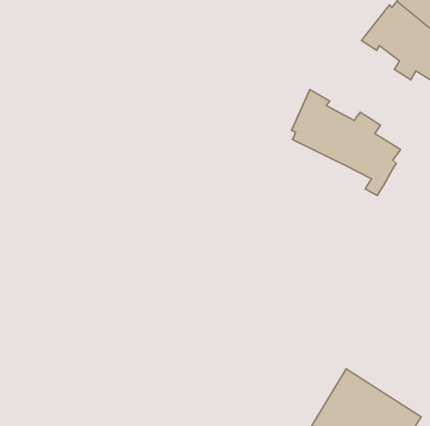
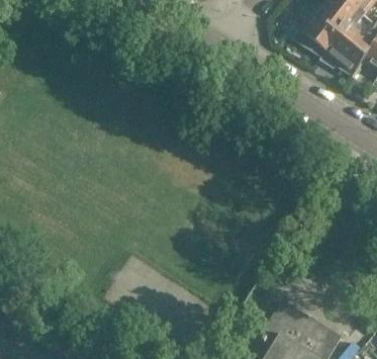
building: [292,90,400,195] -> none

